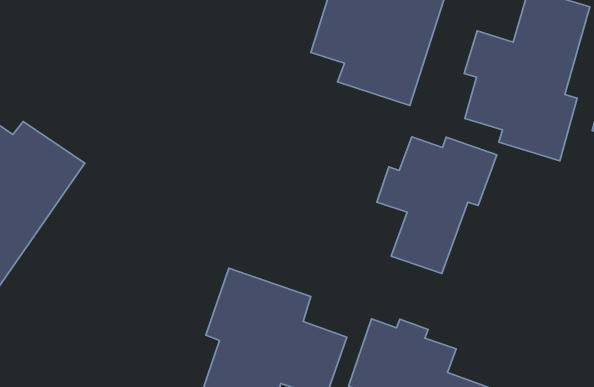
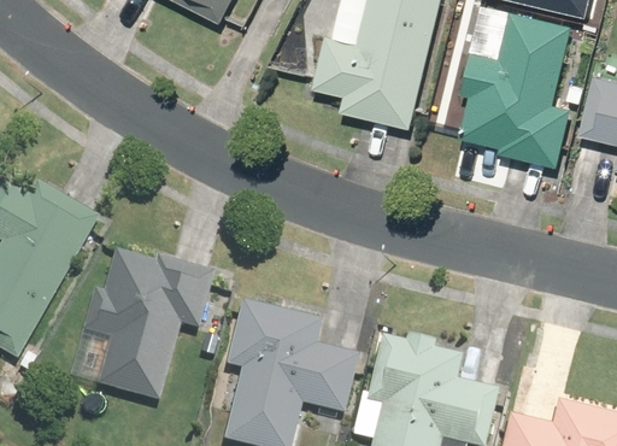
building: [377,137,497,274] -> none
building: none -> [84,247,217,399]

